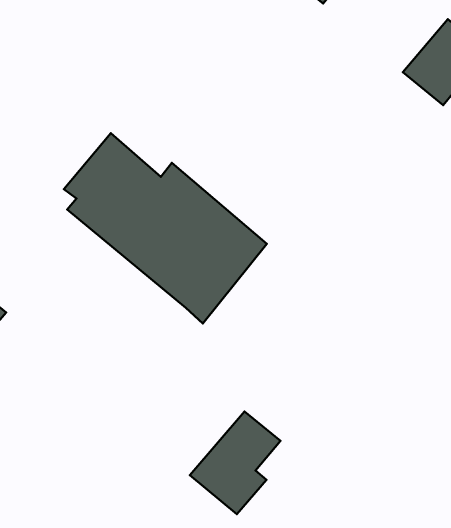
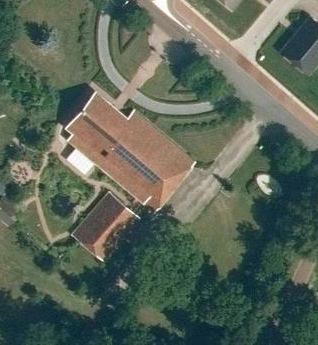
building: [190,411,280,514] -> [74,194,132,260]

